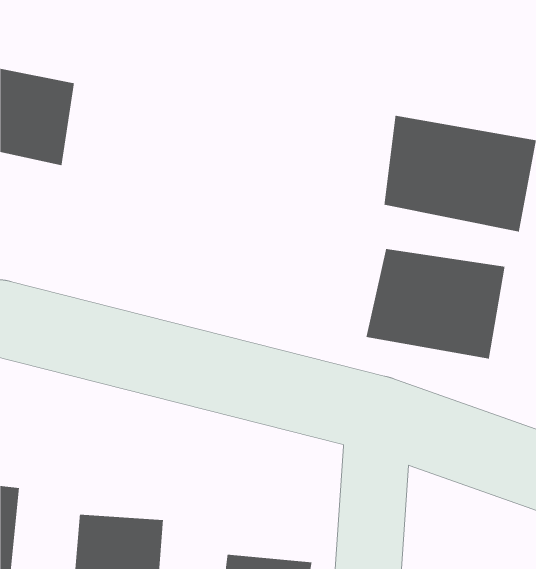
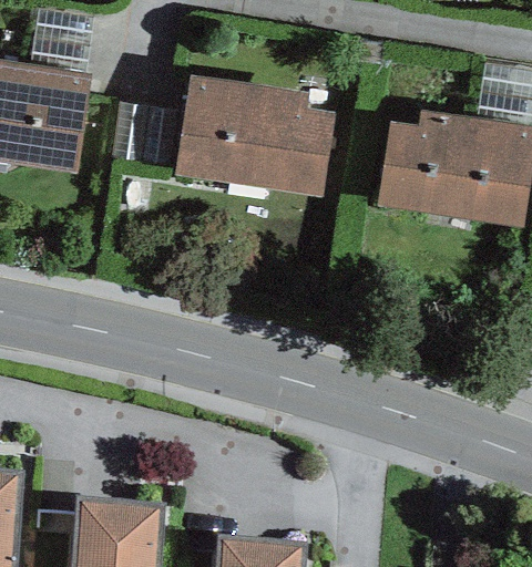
building: none -> [171,83,324,190]
building: [365,248,506,359] -> none

